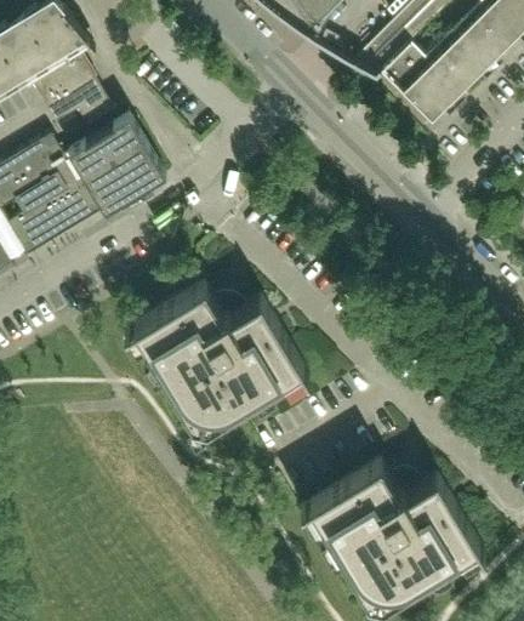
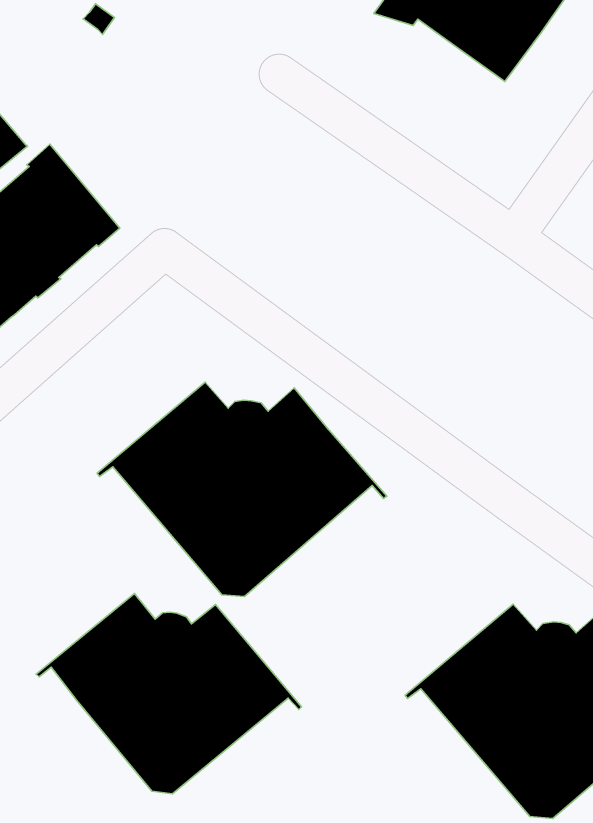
building: none -> [36,593,302,794]

